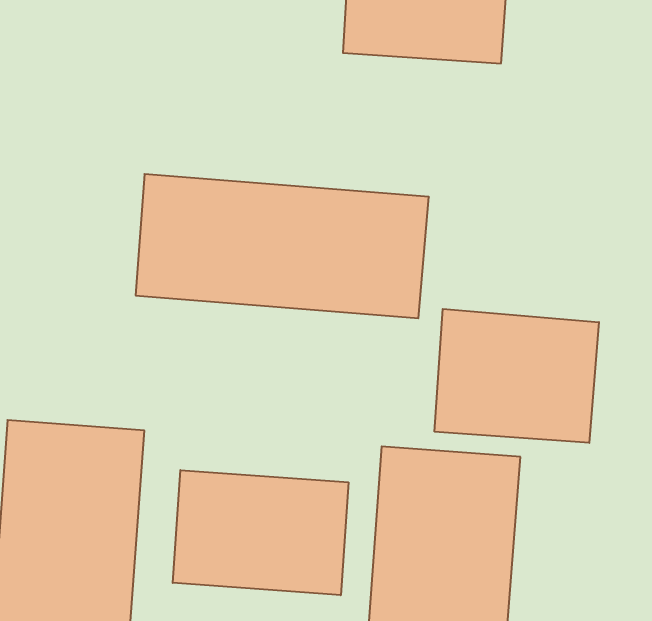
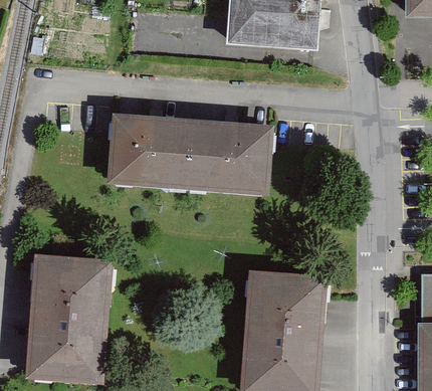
building: [435,309,599,443] -> none
building: [173,470,348,595] -> none

